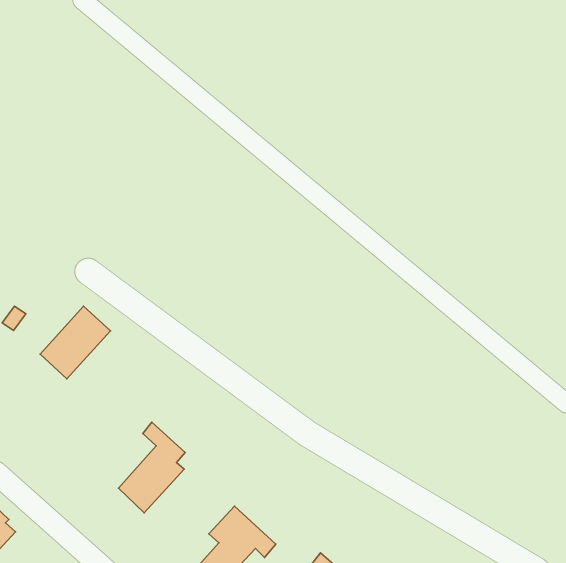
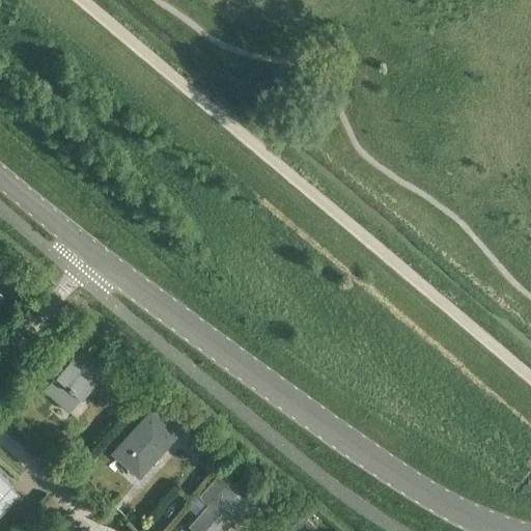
building: [40,306,110,379] -> [38,352,104,419]

